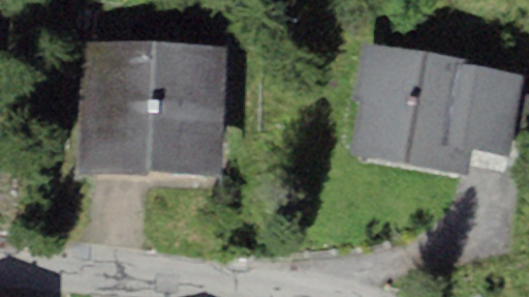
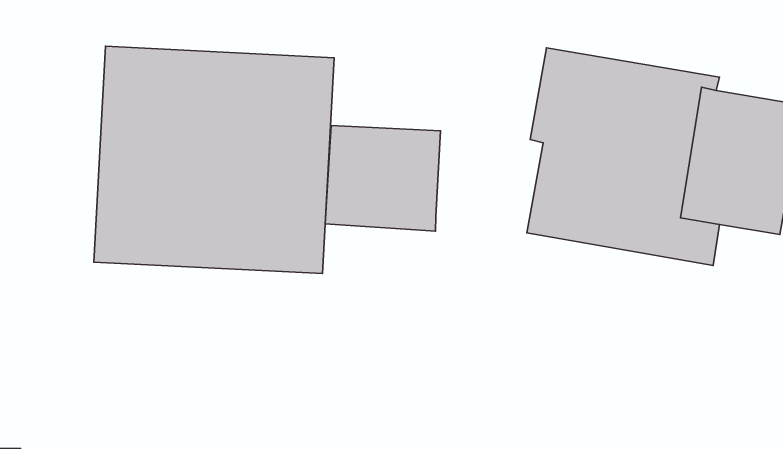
building: none -> [325,125,441,231]

